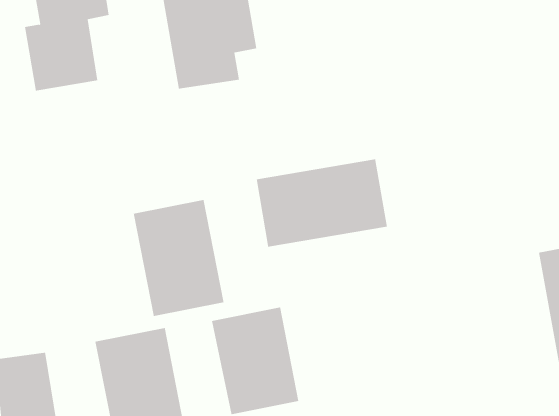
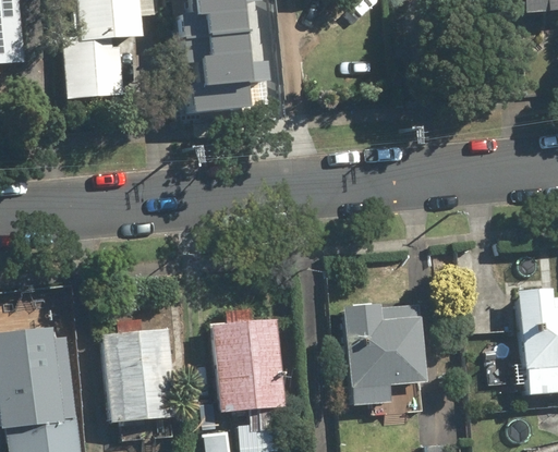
building: [256,158,387,248] -> none
building: [133,199,224,317] -> none
building: none -> [341,297,426,406]

